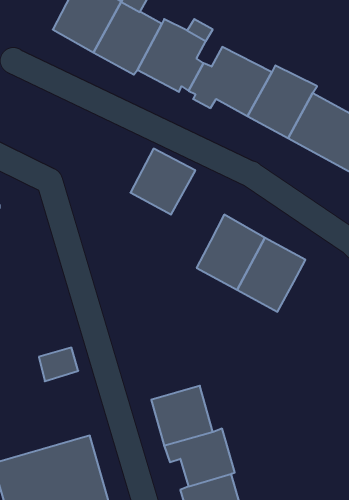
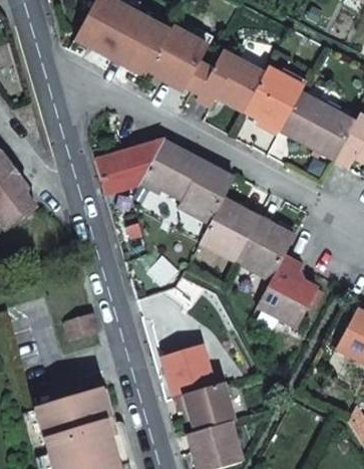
building: none -> [95,139,163,195]
building: none -> [178,158,235,219]
building: none -> [257,254,319,328]

